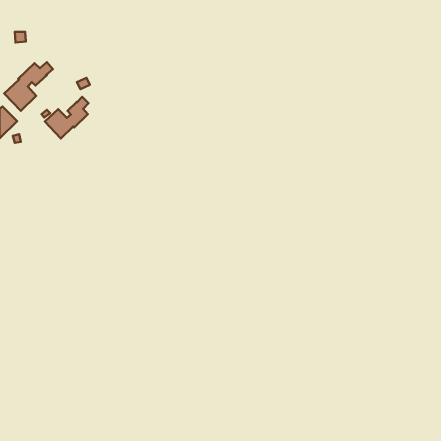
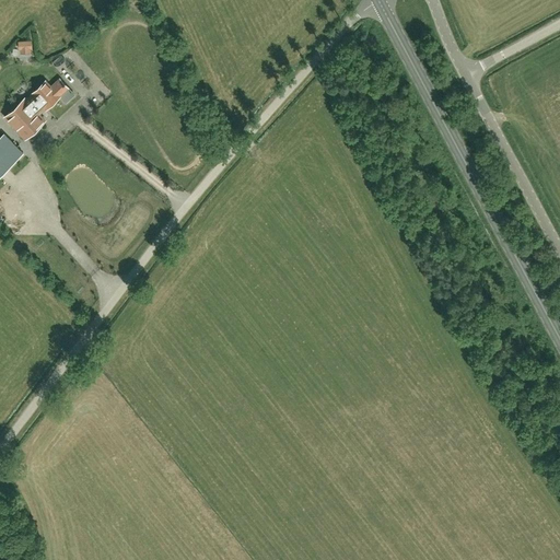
building: [45,97,89,138] -> none

